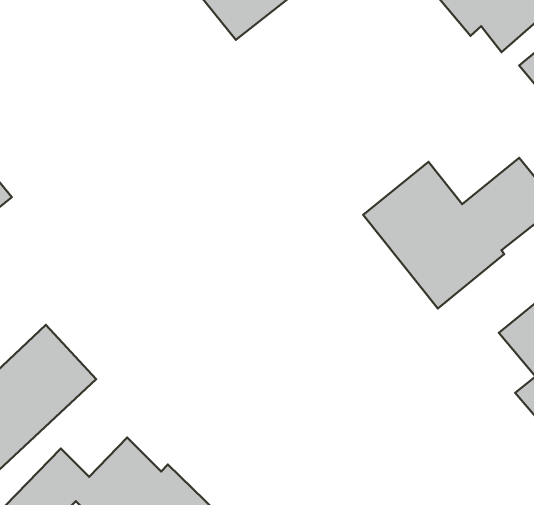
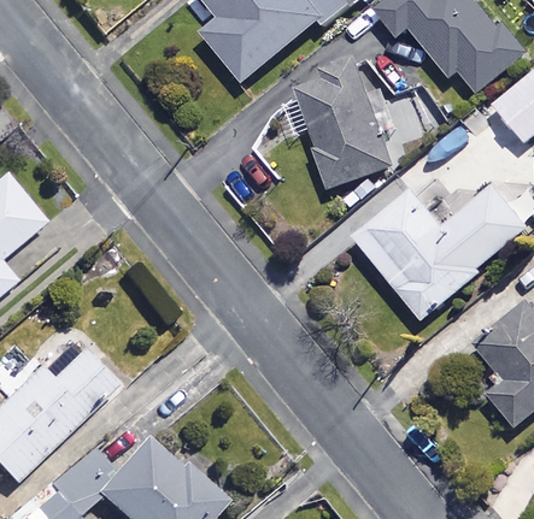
building: none -> [294,64,393,189]

